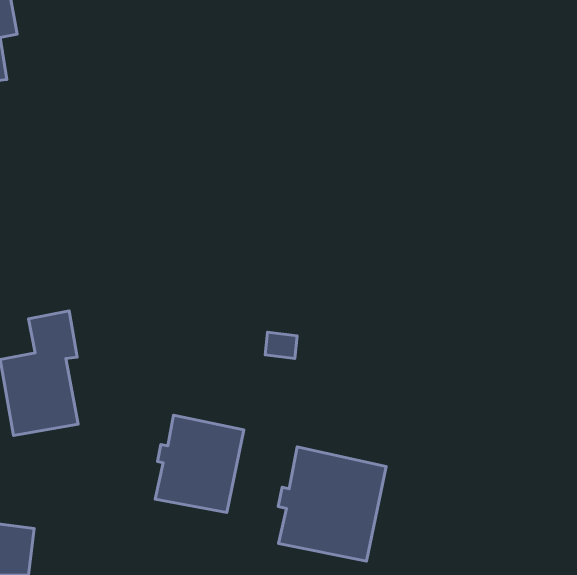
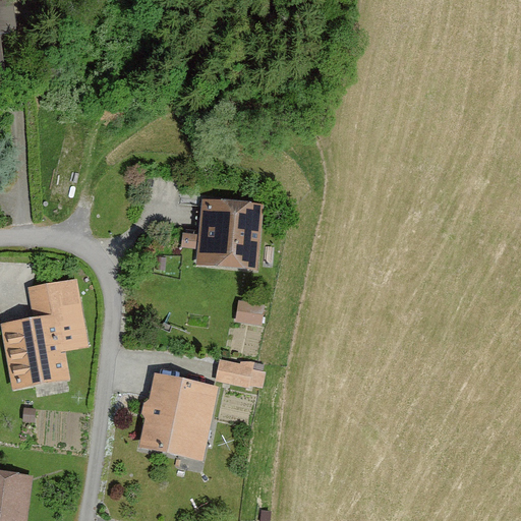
building: none -> [182,198,266,266]
building: none -> [216,358,255,387]
building: [278,447,386,561] -> none

